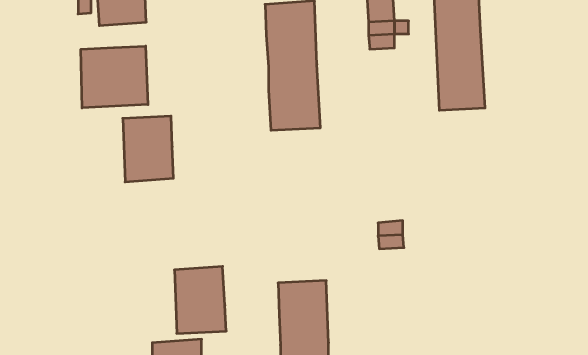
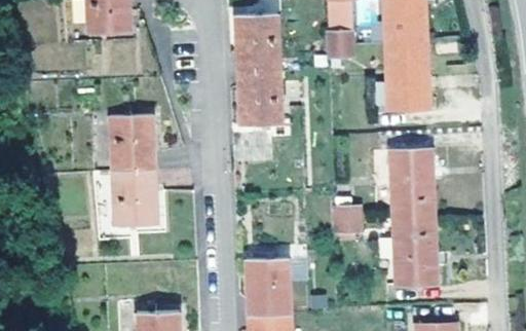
building: [81,46,148,108] -> none
building: none -> [389,149,437,287]
building: [174,266,226,333] -> [113,170,158,228]

